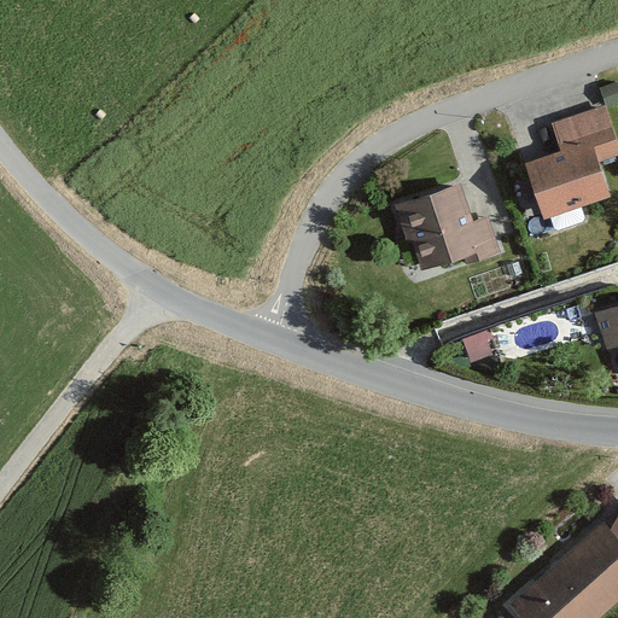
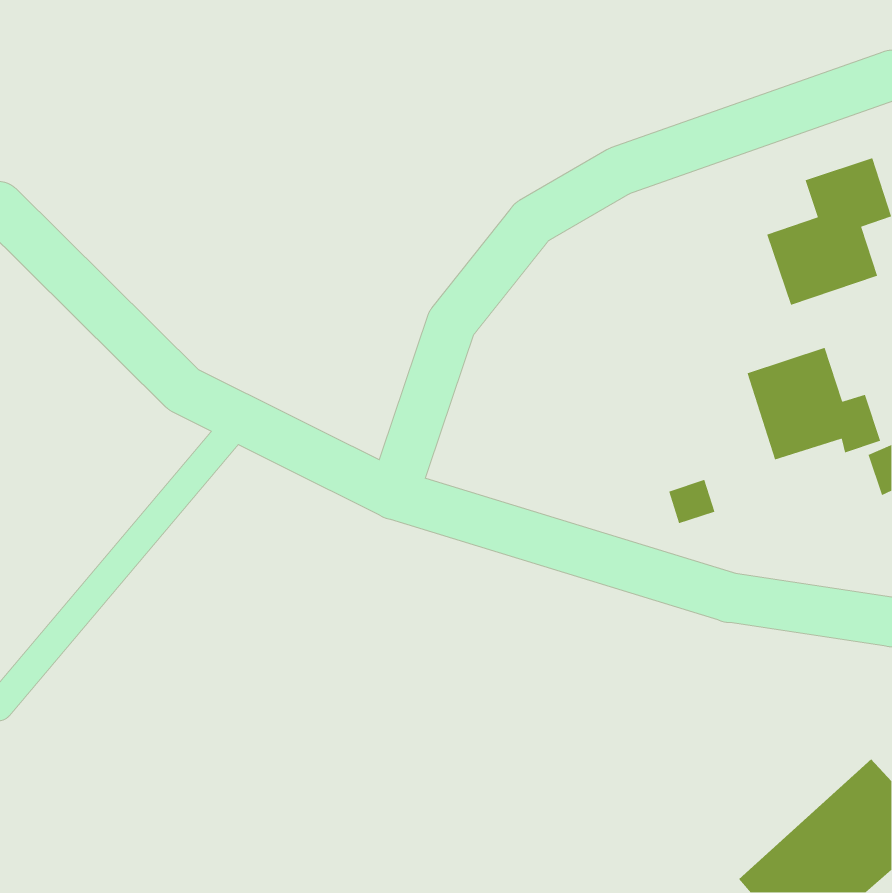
building: [403,183,496,262] -> [747,347,881,460]

